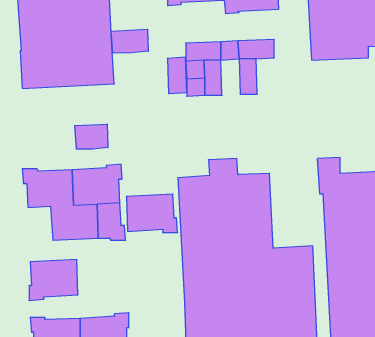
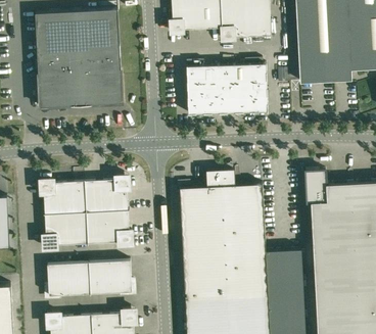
building: [111,29,148,53] -> none
building: [167,57,187,94] -> [219,81,236,113]
building: none -> [250,80,268,112]
building: [75,124,108,149] -> none
building: [126,194,178,233] -> [89,259,135,294]
building: none -> [43,213,67,248]

